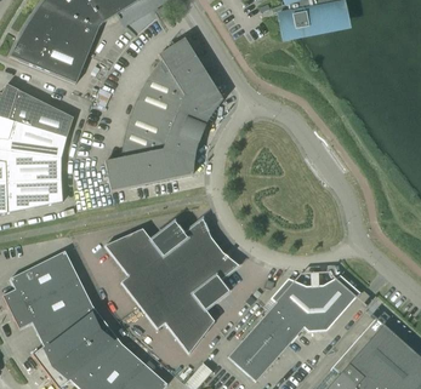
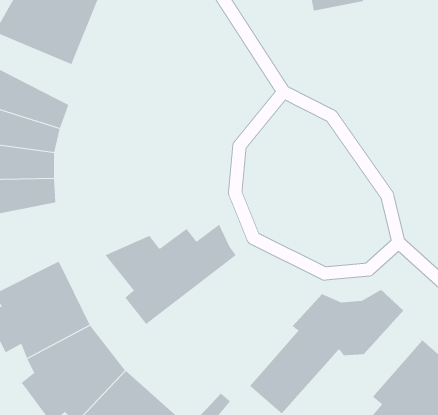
building: [106,39,223,191] -> none
building: [140,246,239,354] -> none

